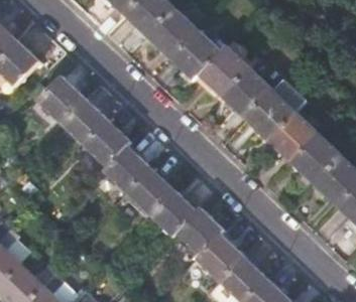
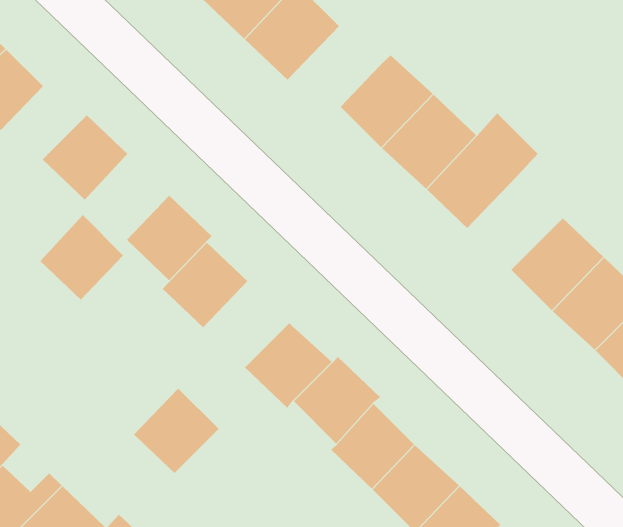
building: [170,28,220,78] -> none
building: [62,97,107,143] -> [40,214,124,300]
building: [267,109,319,159] -> none
building: [125,165,171,211] -> [133,388,220,474]

